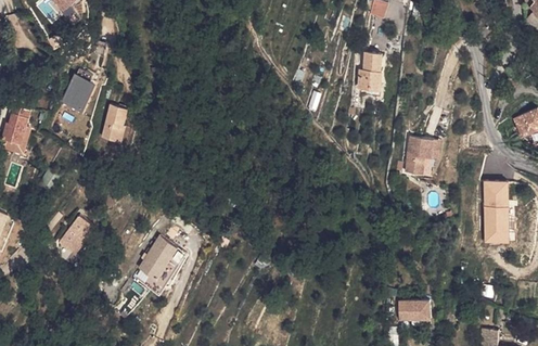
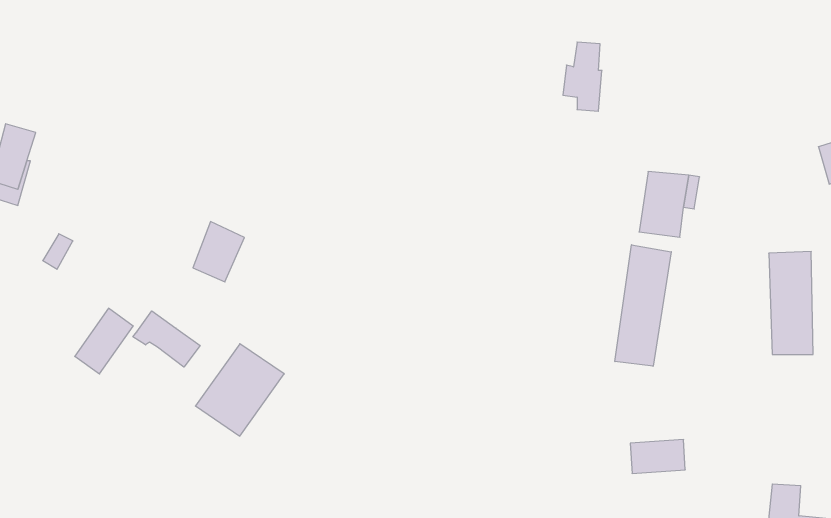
building: [60,75,95,114] -> none
building: [99,107,130,144] -> [193,222,244,282]
building: none -> [615,245,671,366]
building: none -> [133,311,200,367]

